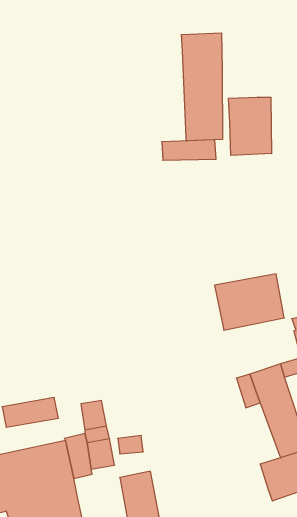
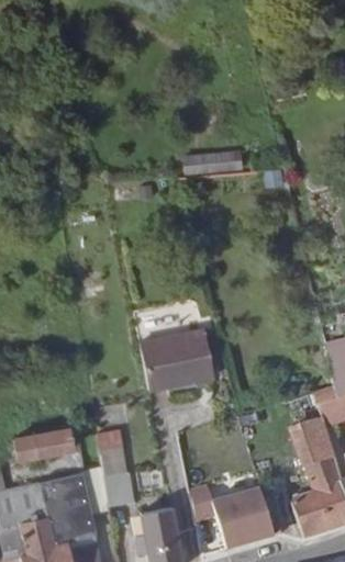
building: [181,33,222,141] -> none
building: [229,97,272,155] -> none
building: [215,274,284,330] -> [140,329,214,390]
building: none -> [191,485,275,548]

